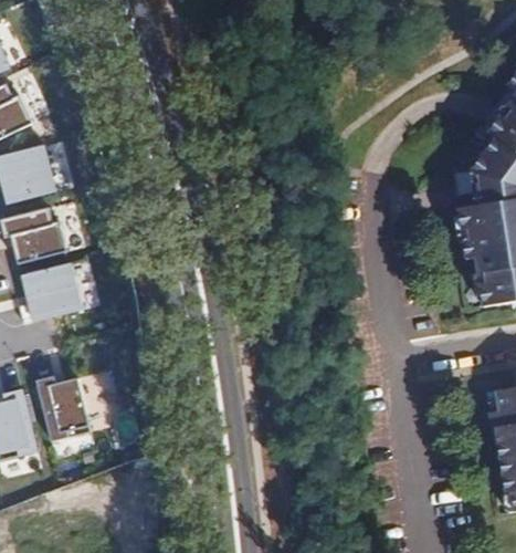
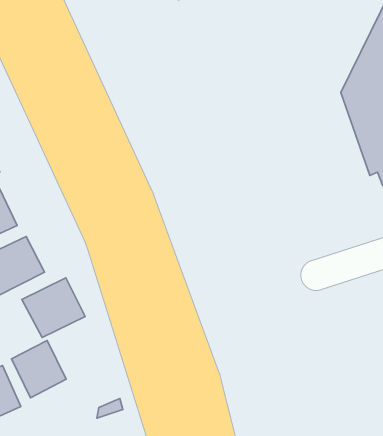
building: none -> [22,278,85,338]

